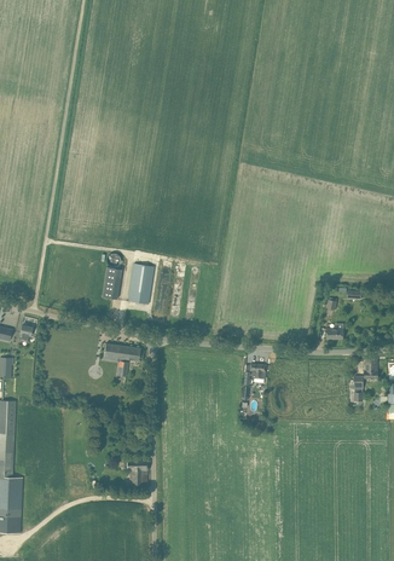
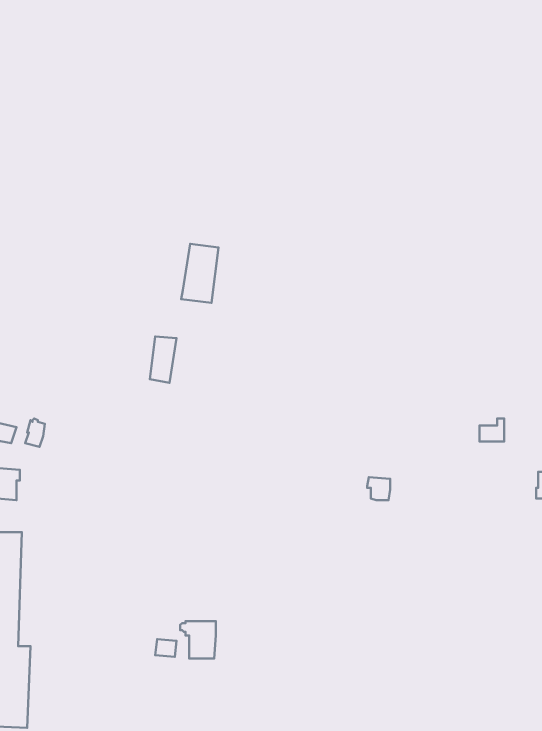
building: [128,262,153,302] -> [181,244,219,303]
building: [103,342,140,375] -> none

